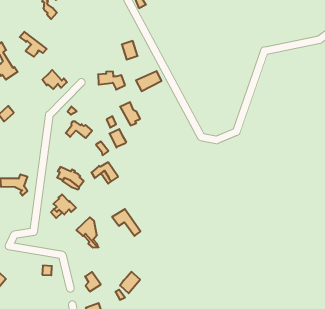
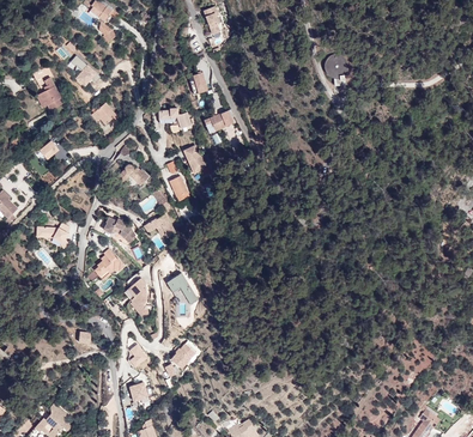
building: none -> [325,54,348,85]

